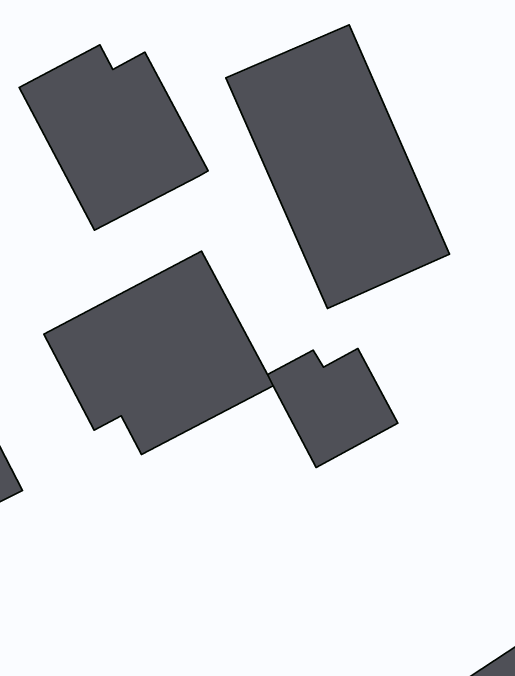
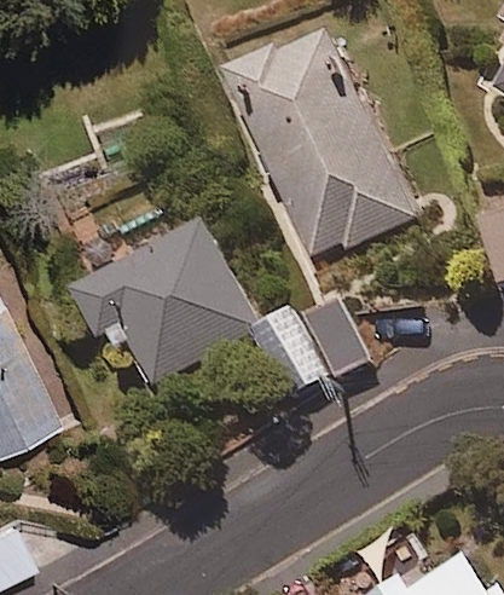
building: [19,45,208,230] -> none

